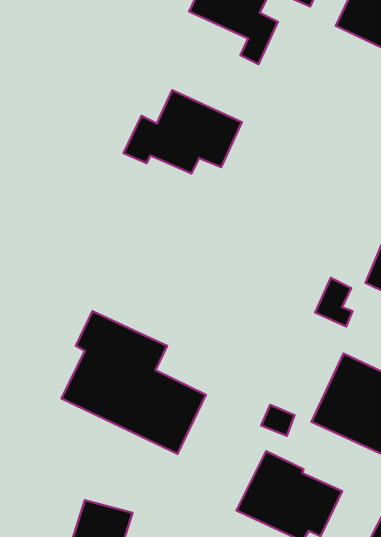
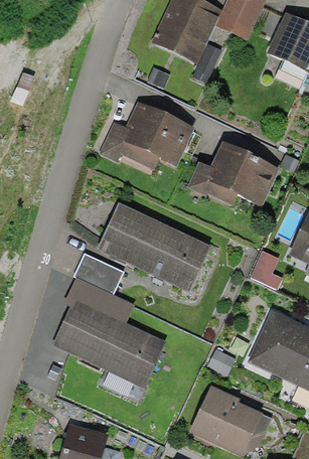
building: none -> [188,143,278,207]
building: none -> [98,201,208,289]
building: none -> [73,253,123,293]

